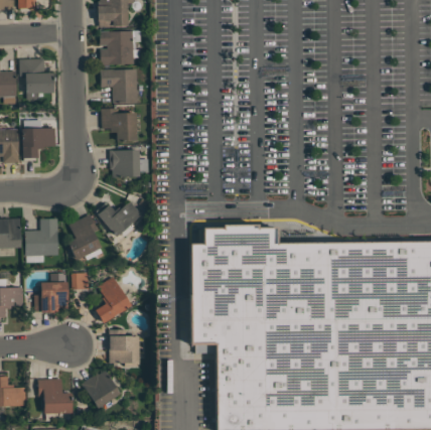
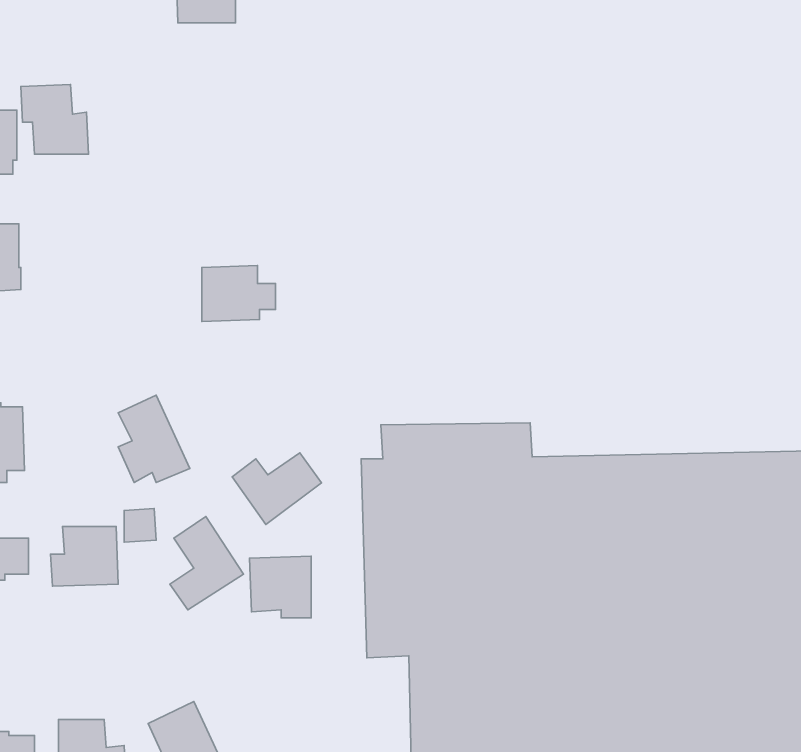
building: [100,30,134,64] -> none
building: [101,68,138,103] -> none
building: [102,110,137,141] -> none
building: [22,127,55,158] -> none
building: [98,200,143,237] -> [232,453,322,525]
building: [25,219,58,255] -> none
building: [109,335,140,367] -> [249,556,311,618]

